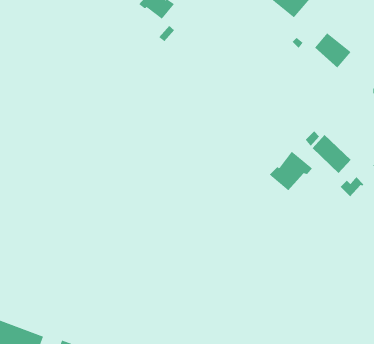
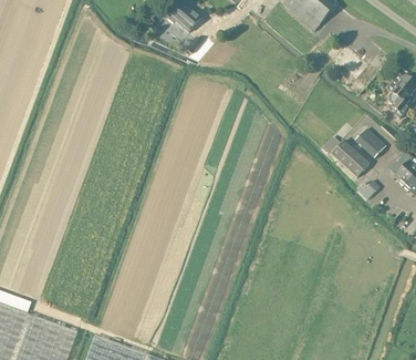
building: none -> [354,128,385,160]
building: [269,151,313,191] -> none

